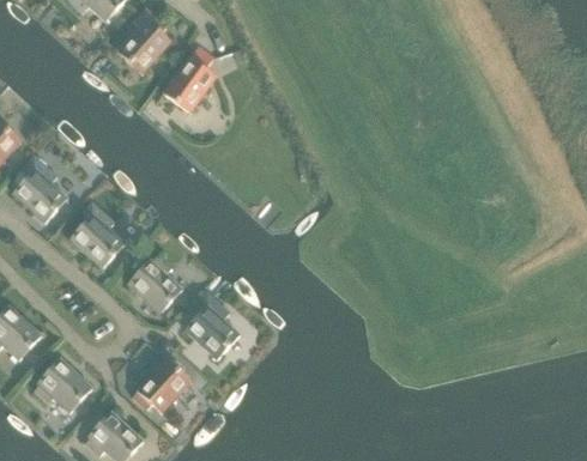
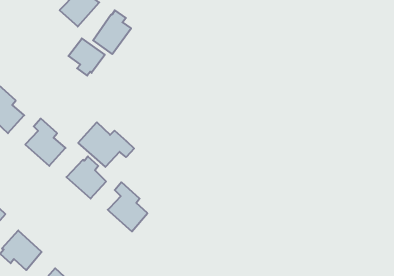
building: none -> [68,38,105,76]
building: none -> [78,122,134,167]
building: [133,358,192,413] -> none

